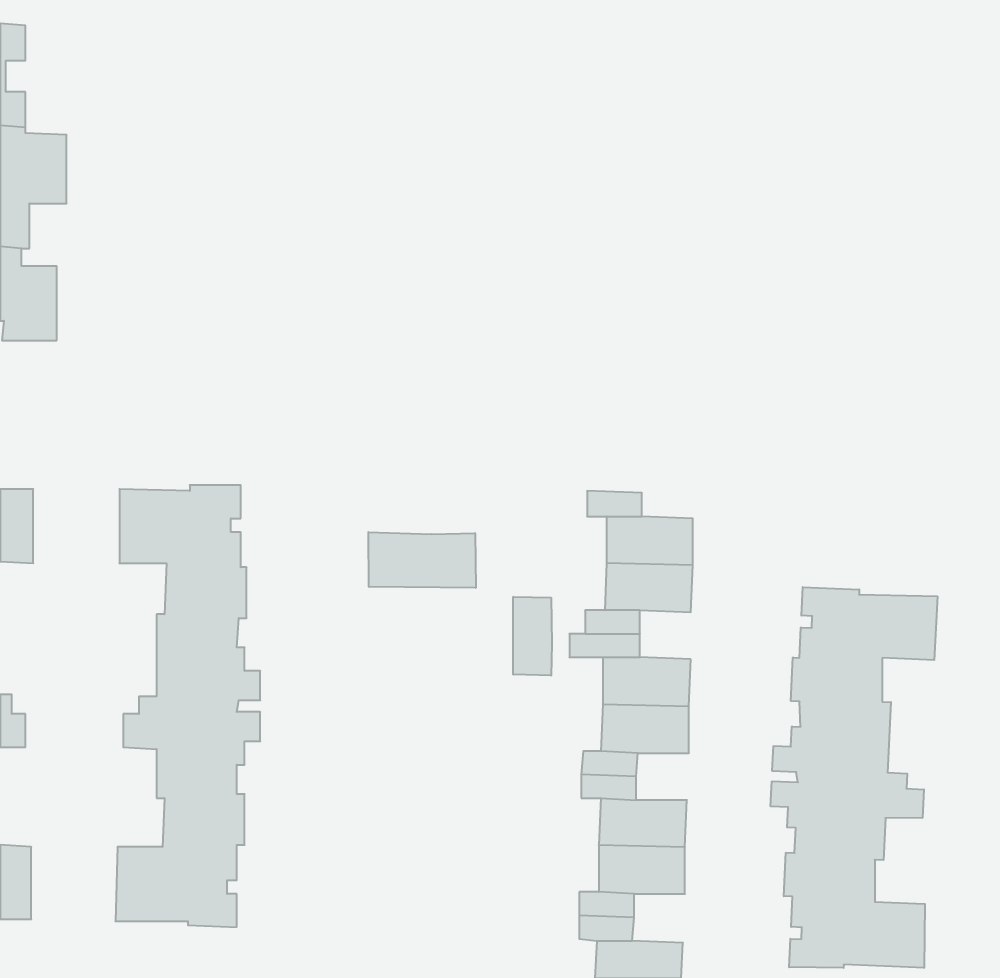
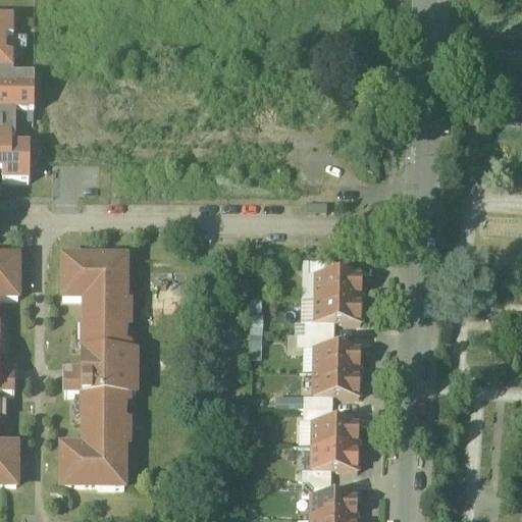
building: [368,532,476,588] -> none
building: [771,587,937,968] -> none
building: [513,597,552,676] -> none

